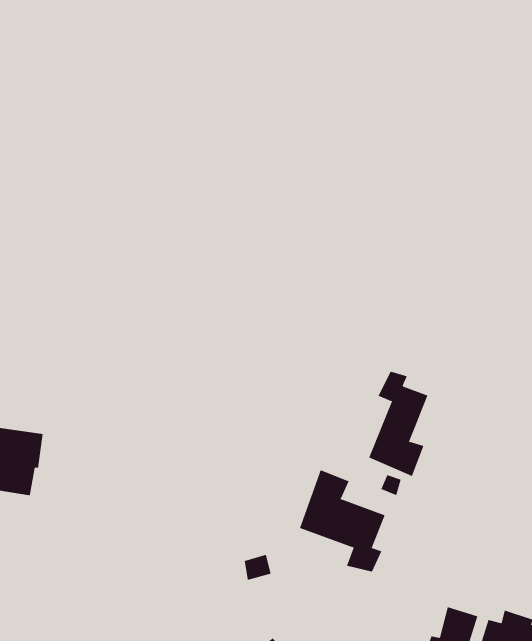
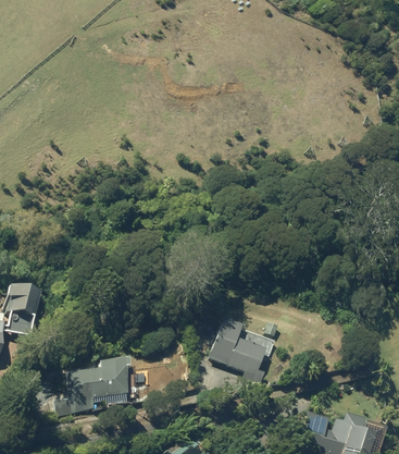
building: [368,371,428,477] -> none
building: none -> [53,357,129,415]

